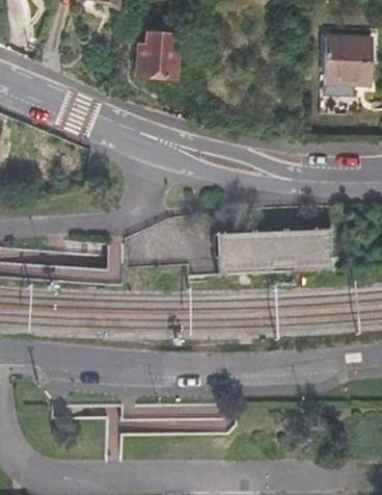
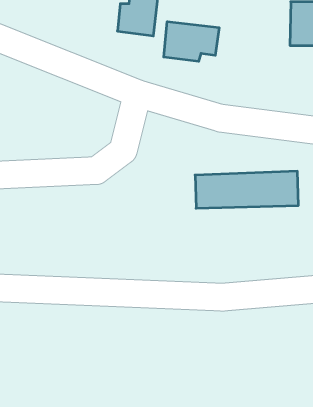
building: none -> [164,22,219,61]

